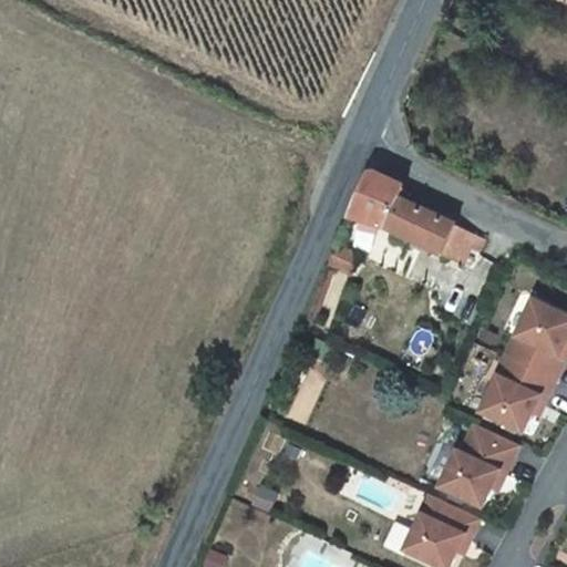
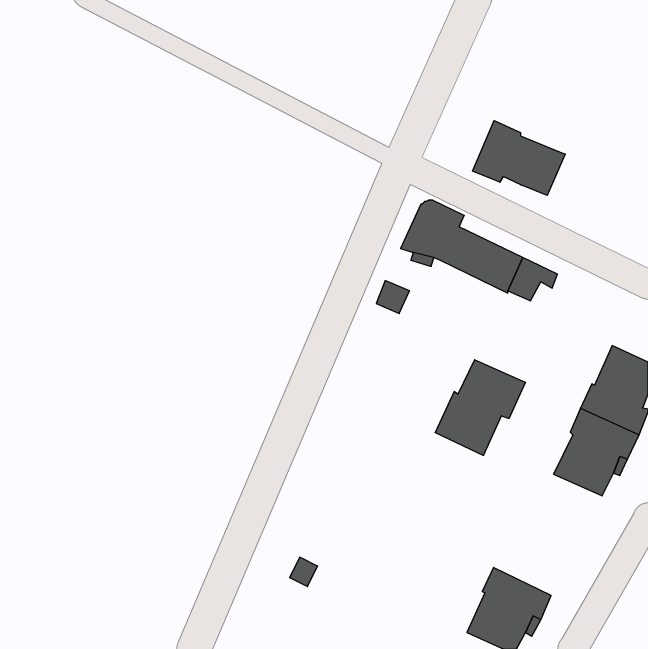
building: none -> [472,121,565,195]
building: [440,423,518,506] -> [435,360,526,455]

